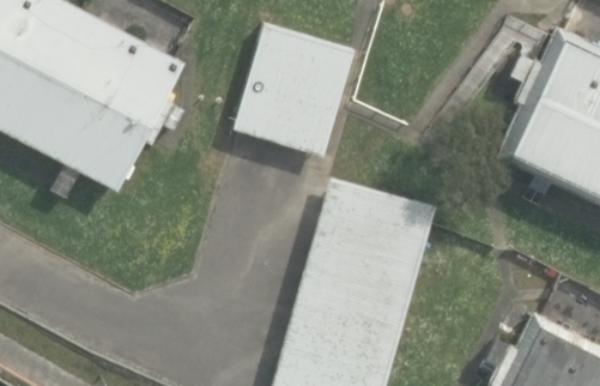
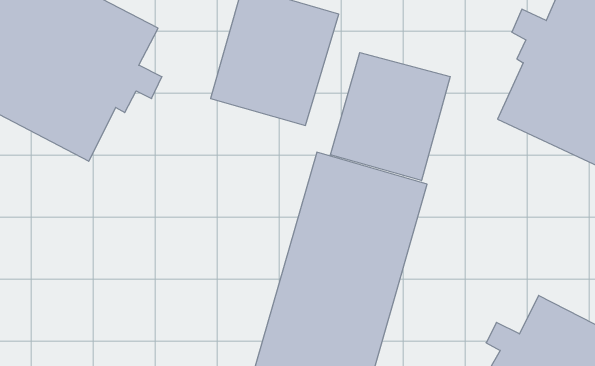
building: none -> [331,53,450,181]

